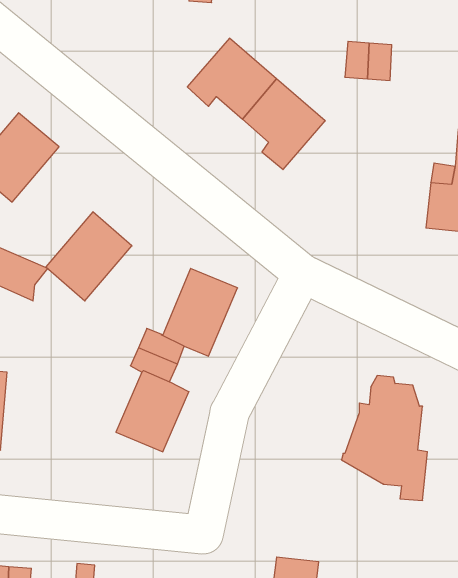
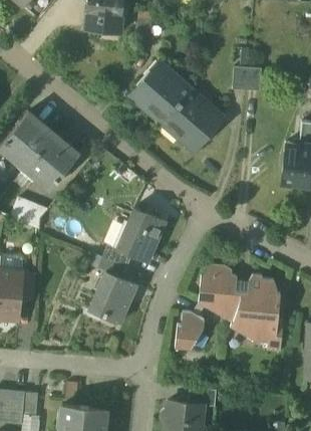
building: [46,212,132,301] -> [26,132,79,187]
building: none -> [198,263,241,321]
building: none -> [175,310,203,348]

